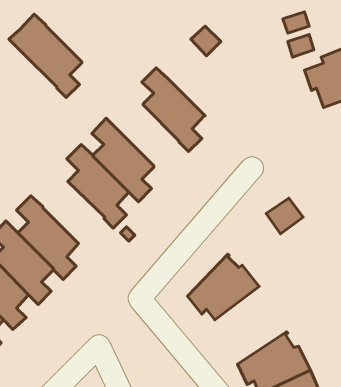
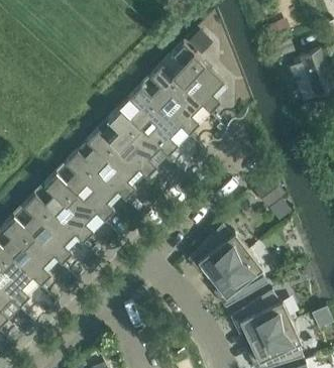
building: [9,14,82,98] -> [119,87,181,157]
building: none -> [171,43,224,114]
building: none -> [65,151,118,222]
building: none -> [211,250,267,306]

